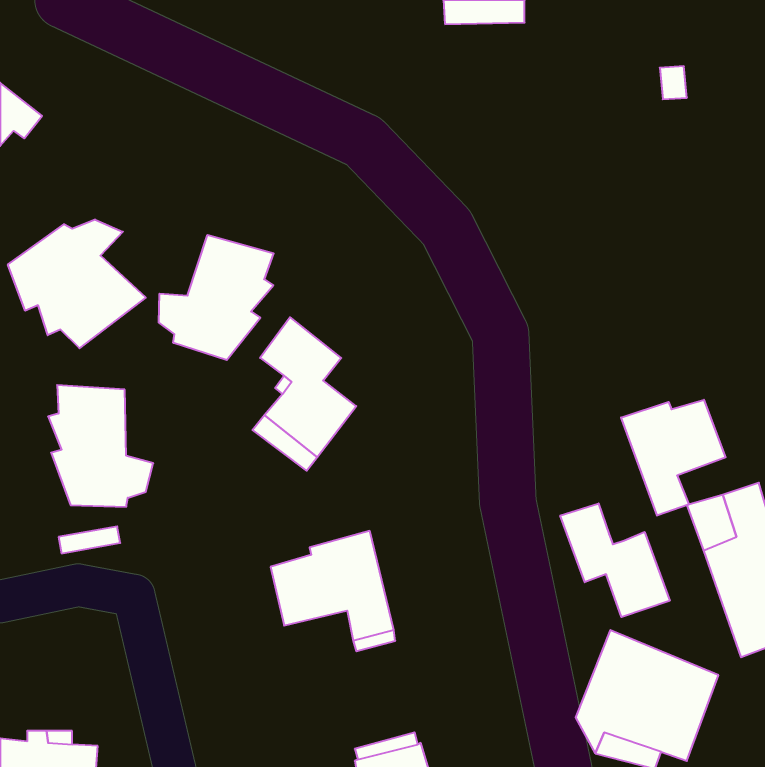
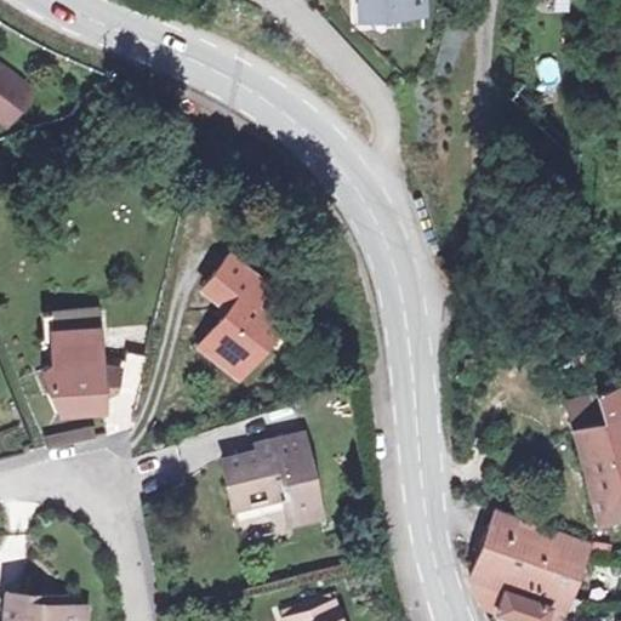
building: [8,219,146,348] -> none
building: [159,235,274,360] -> none
building: [621,400,726,516] -> none
building: [560,503,670,617] -> none

